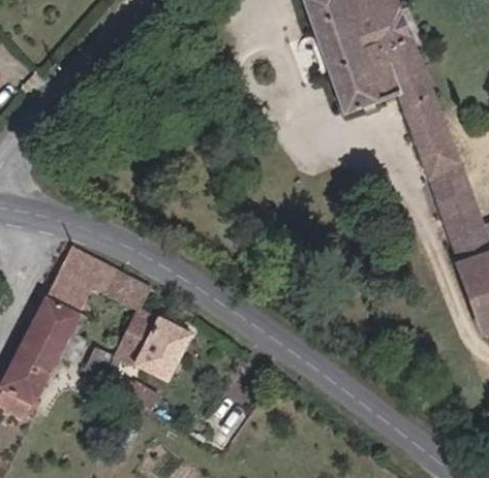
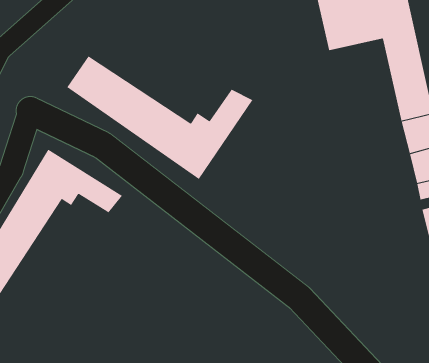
building: none -> [67,56,253,180]
building: [116,287,188,378] -> none

